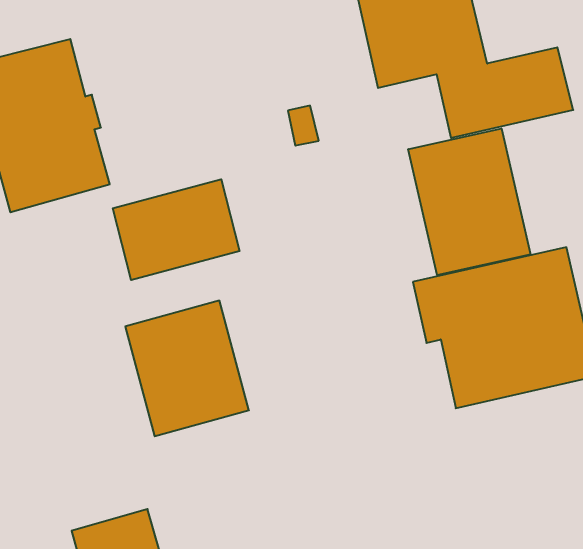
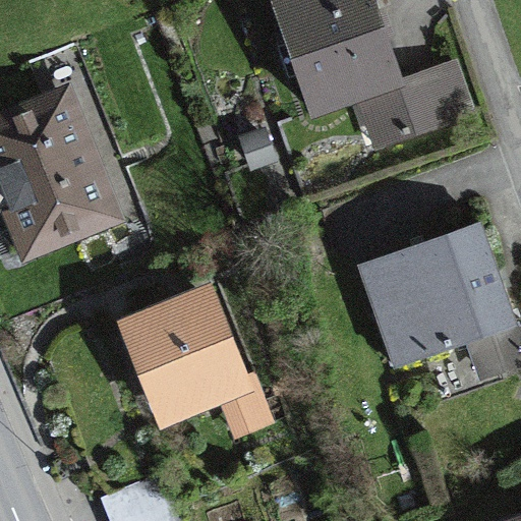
building: [408,129,531,275] -> none
building: [113,179,240,280] -> none

